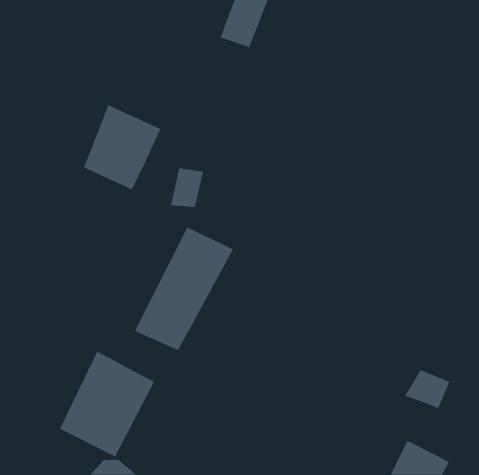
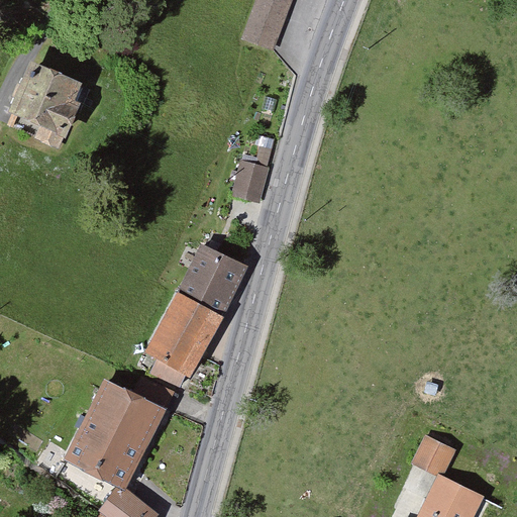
building: [83,105,161,190] -> [5,58,89,149]
building: [170,168,204,207] -> [230,162,267,204]
building: [404,369,450,409] -> [407,433,456,476]

